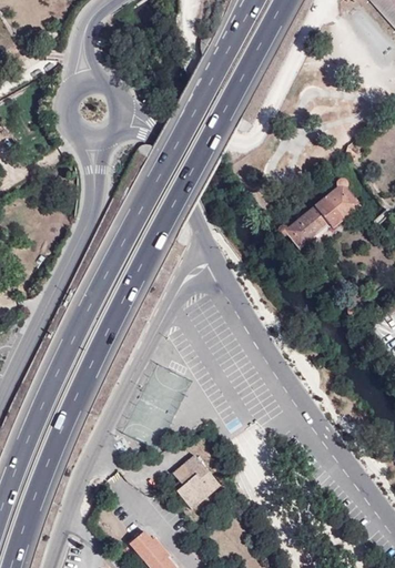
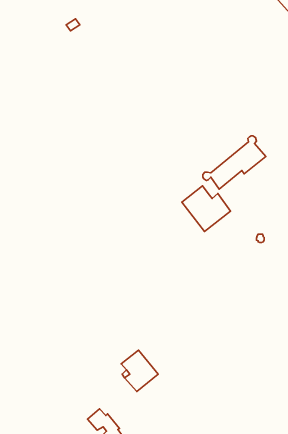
building: none -> [182,186,230,232]

